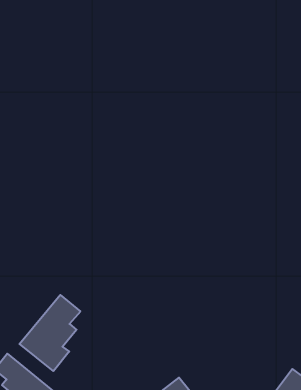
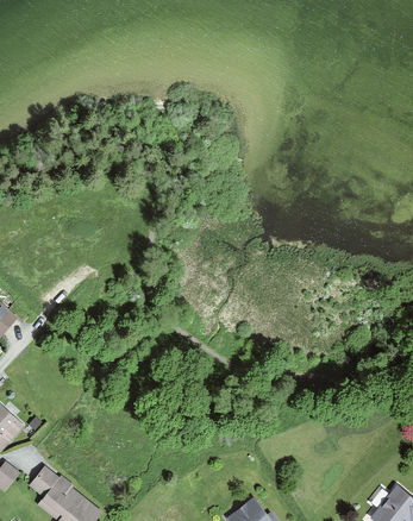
building: [19,295,80,371] -> none

